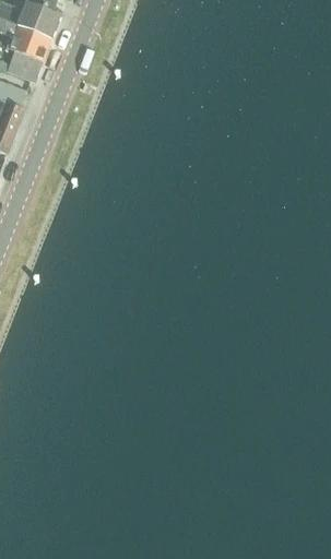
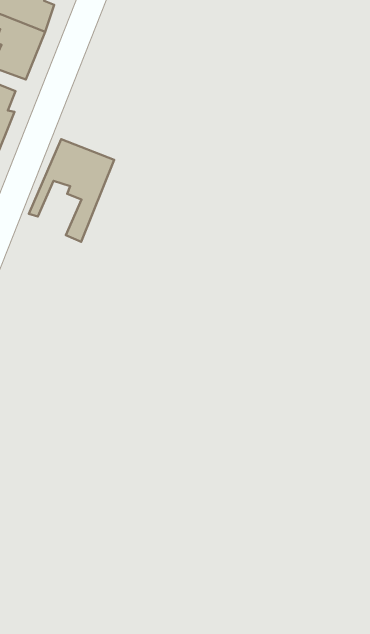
building: none -> [29,139,114,242]

